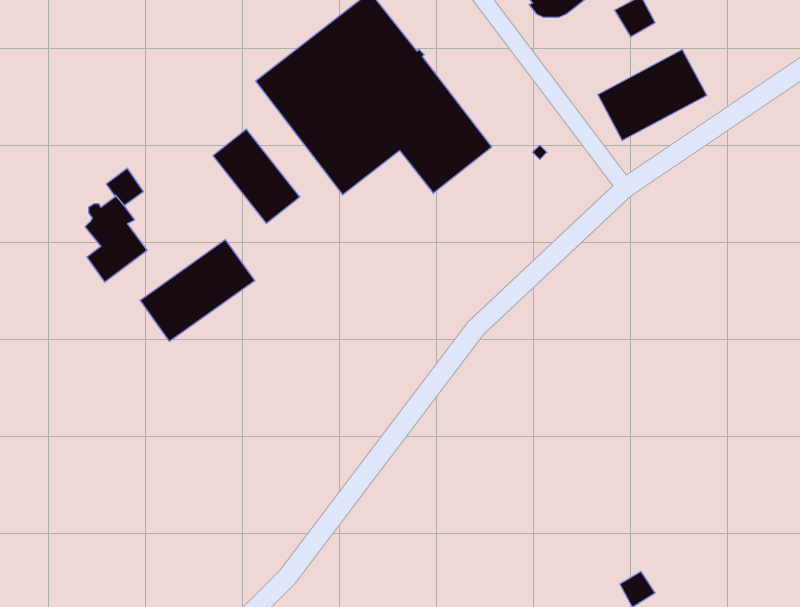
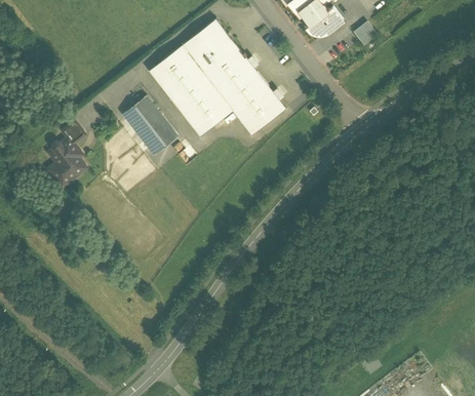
building: [598,49,707,141] -> none
building: [140,239,255,341] -> none

